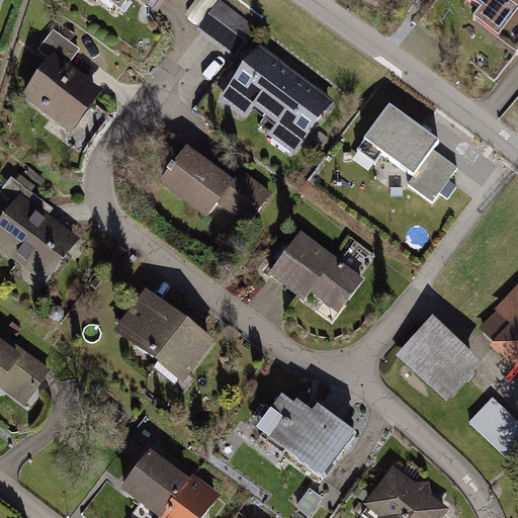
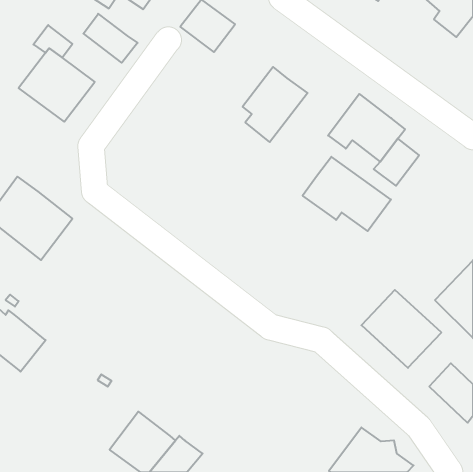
building: none -> [83,14,138,63]
building: [219,44,297,116] -> none
building: [160,145,272,225] -> none
building: [268,231,364,312] -> [303,157,391,231]
building: [114,287,215,381] -> none
building: [257,394,358,479] -> none

